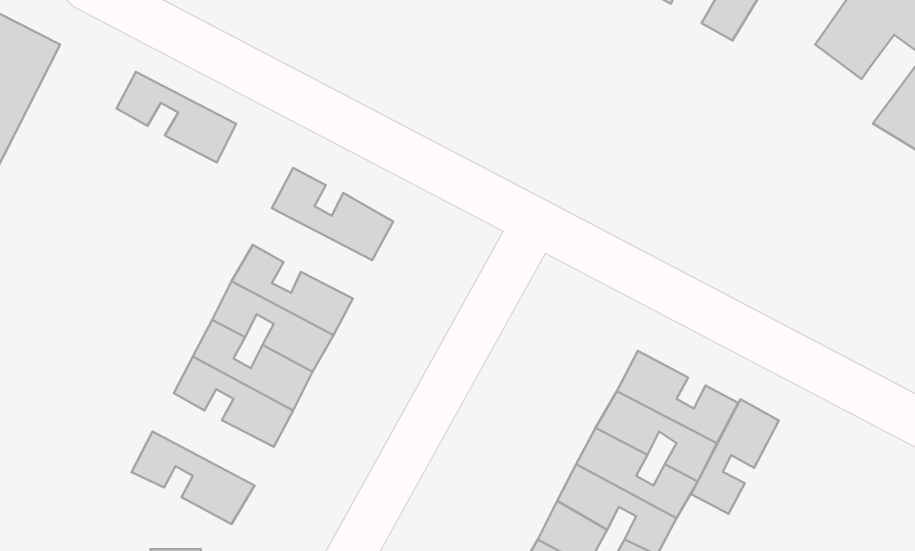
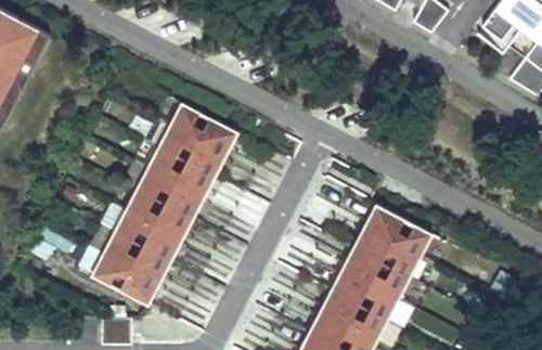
building: [117,72,236,162] -> [159,125,227,176]
building: none -> [103,229,171,281]
building: [691,399,779,514] -> none

